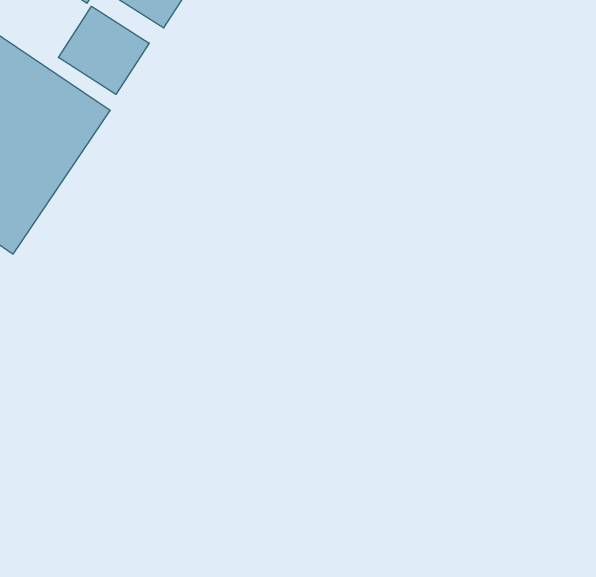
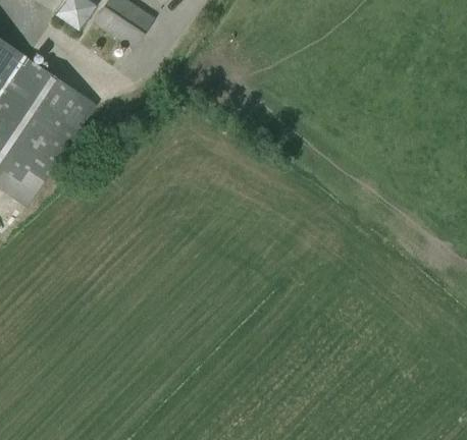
building: [58,6,149,94] -> none

